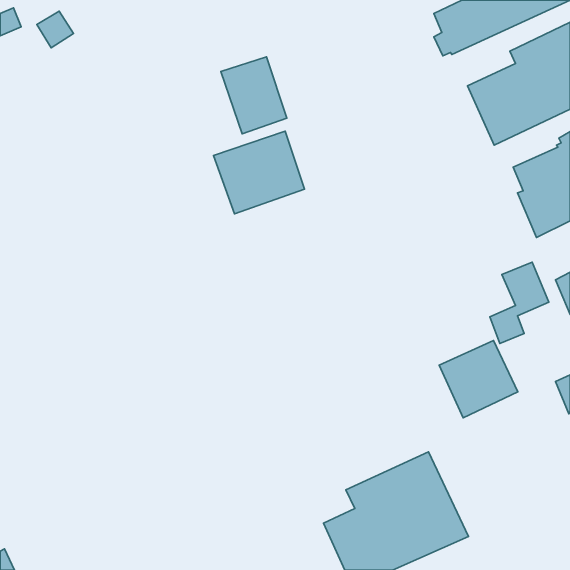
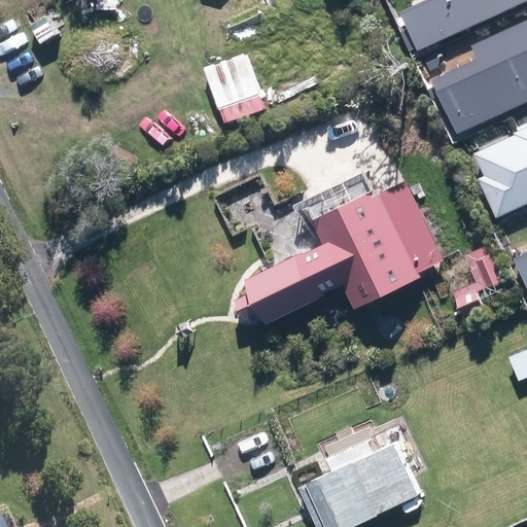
building: [214,131,304,214] -> none
building: none -> [232,181,443,323]
building: [439,341,518,418] -> none

